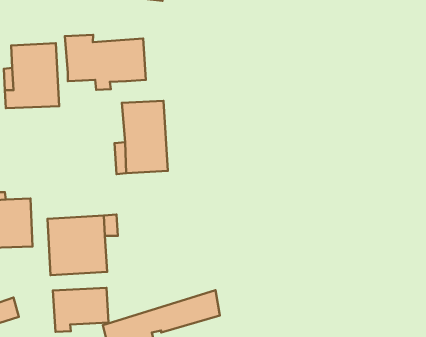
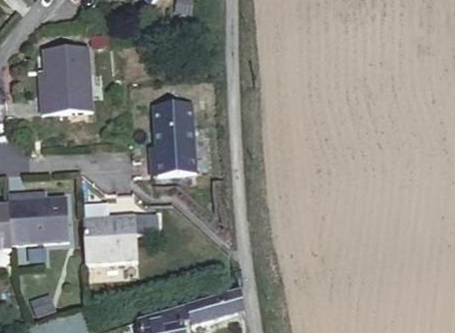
building: [65,35,146,90] -> none
building: [53,288,109,332] -> none

